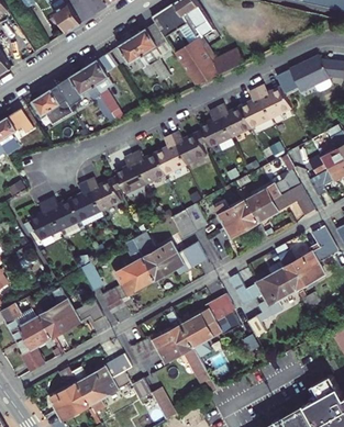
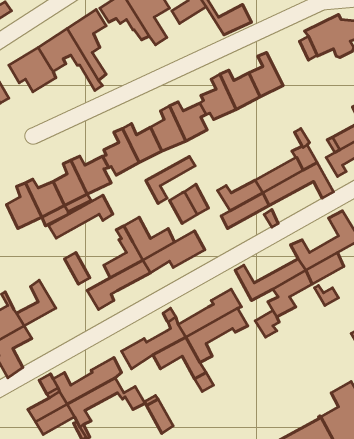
building: [180,49,219,86] -> none
building: [256,85,290,117] -> none
building: none -> [146,157,195,203]
building: [45,300,101,337] -> [49,195,113,238]

